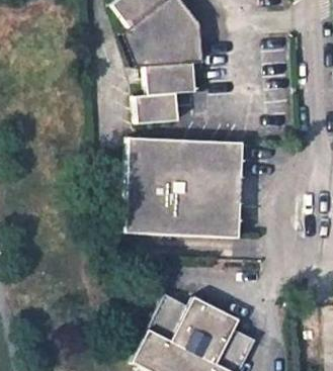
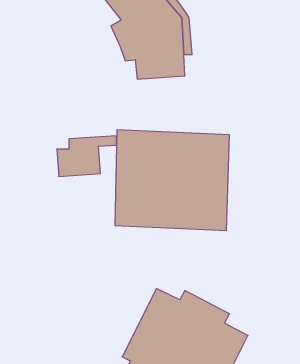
building: [135,83,194,123] -> [57,136,117,177]

